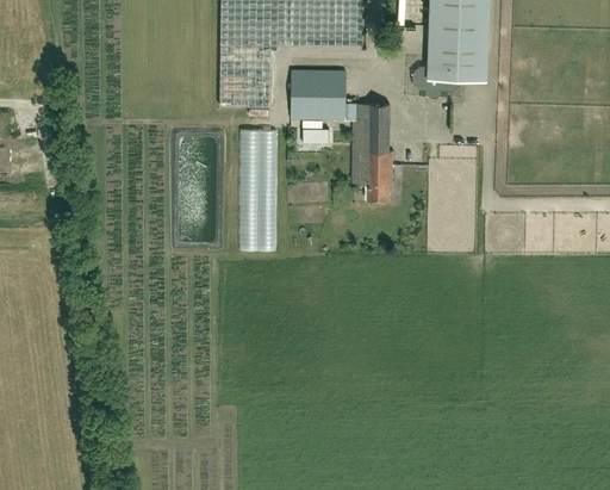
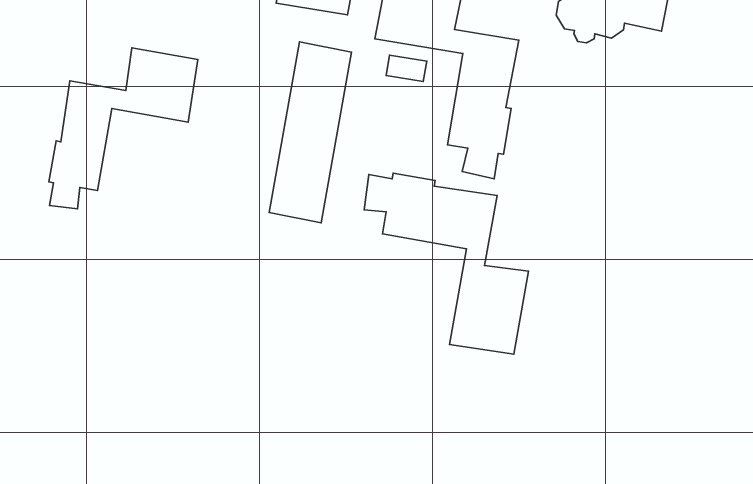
building: none -> [49,48,198,209]
building: none -> [364,173,529,354]

